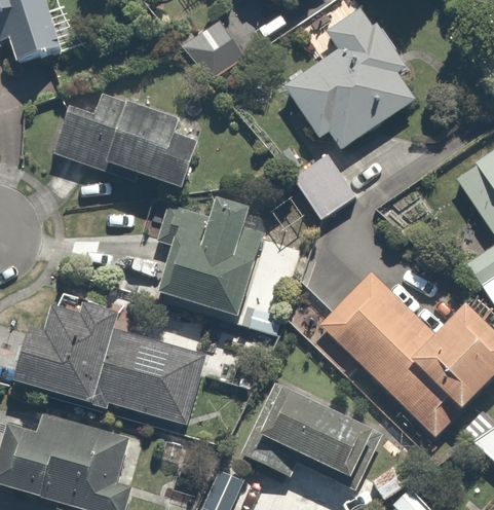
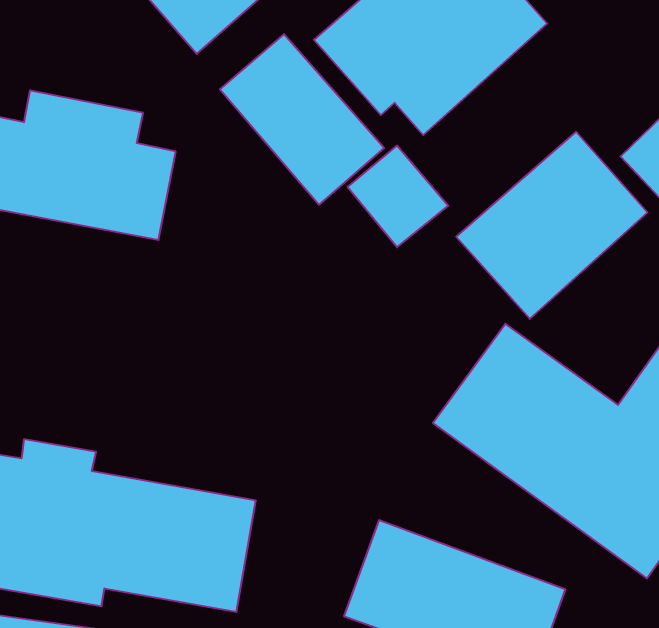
building: none -> [220,34,384,205]
building: none -> [456,132,647,319]
building: [151,191,262,317] -> none

